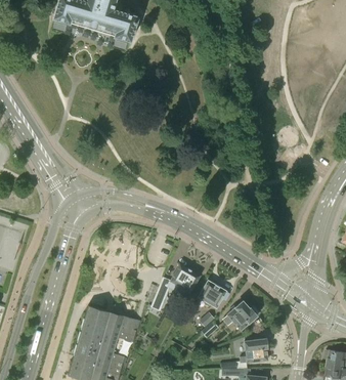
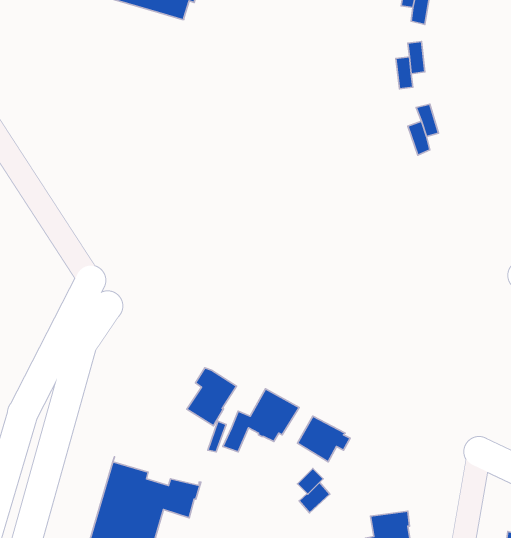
building: none -> [187,368,237,426]
building: [223,301,260,331] -> none

